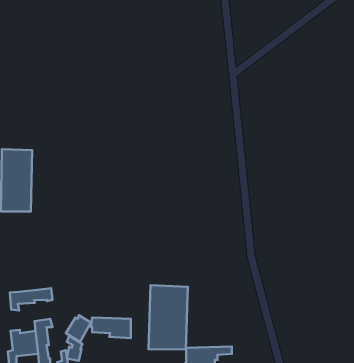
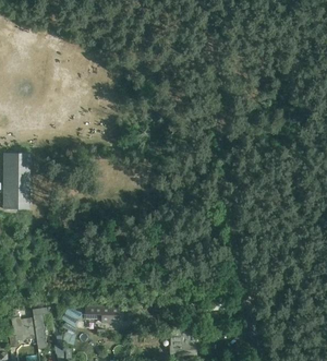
building: [149,285,188,350] -> none
building: [10,288,52,310] -> none

